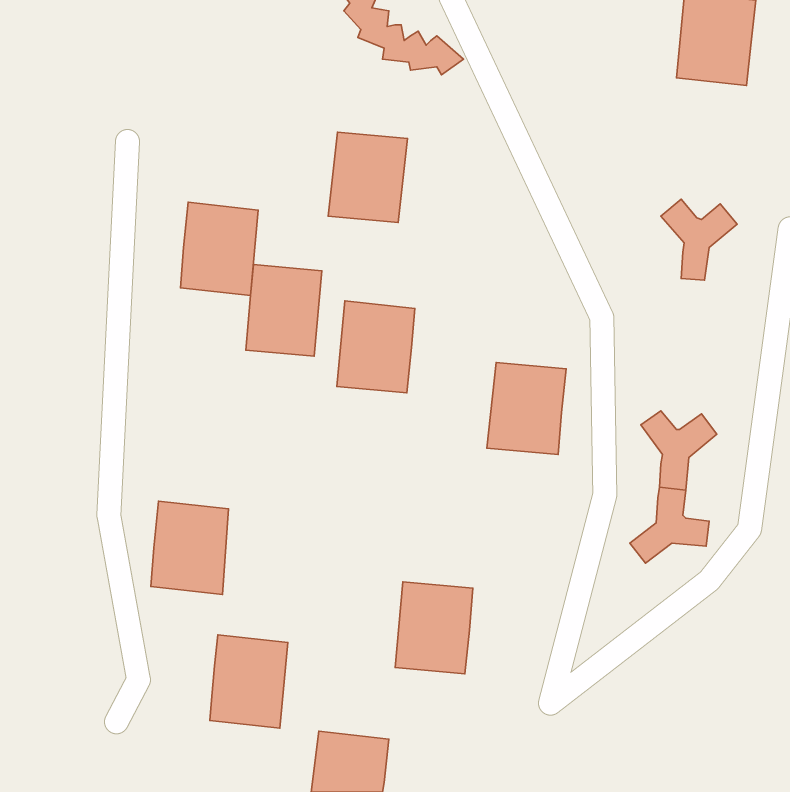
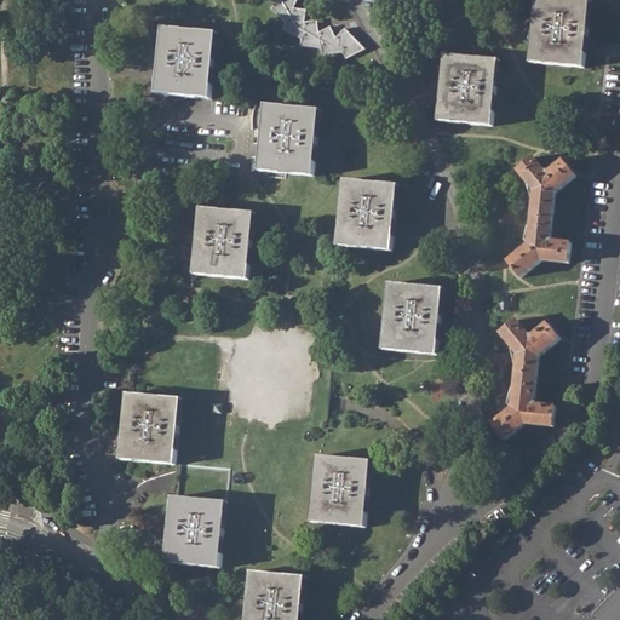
building: none -> [435,52,496,125]
building: [180,202,258,296] -> [153,27,213,99]
building: none -> [505,217,568,276]
building: [337,301,415,393] -> [334,177,395,248]

